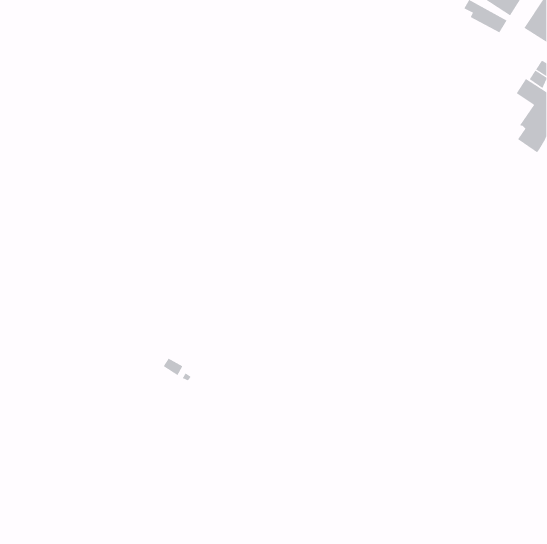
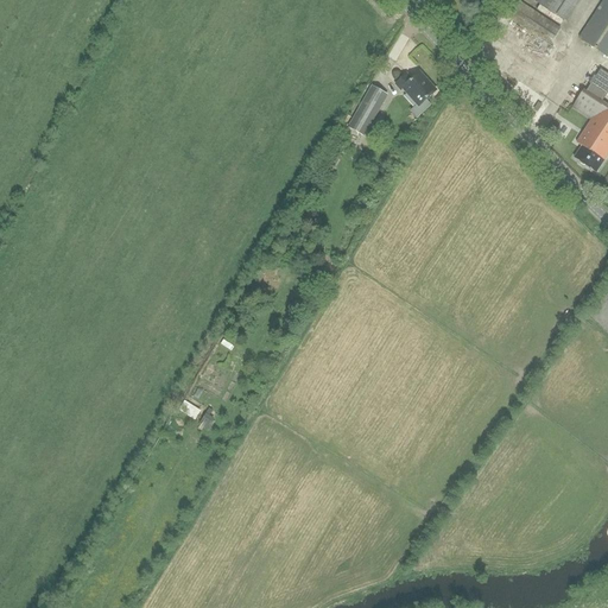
building: none -> [397,70,435,102]
building: none -> [348,82,388,133]

